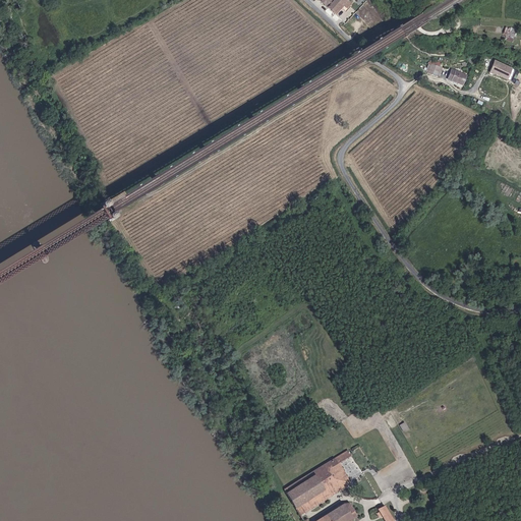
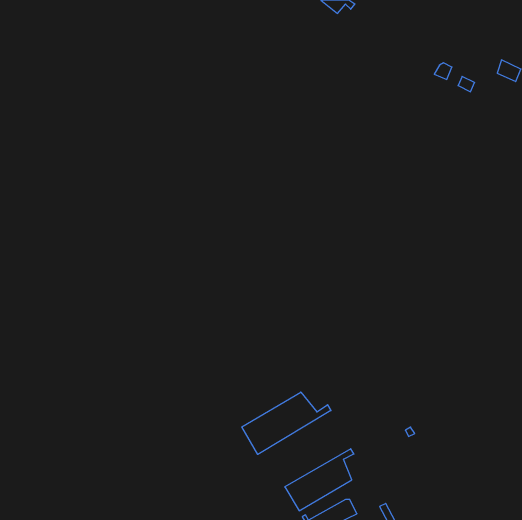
building: none -> [242,392,331,454]

